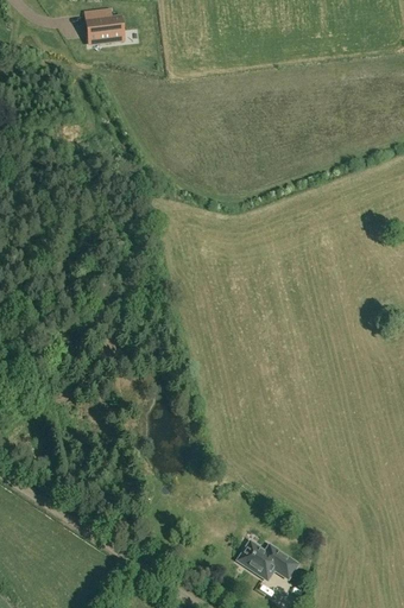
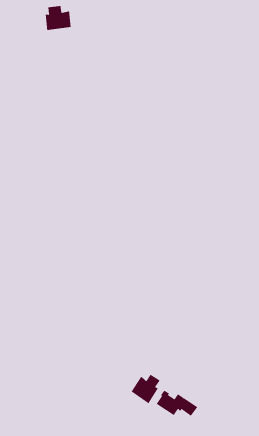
building: none -> [131,374,160,404]

